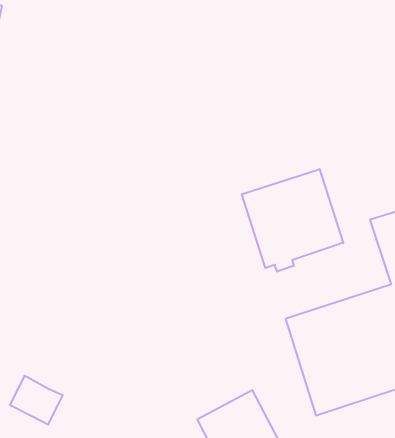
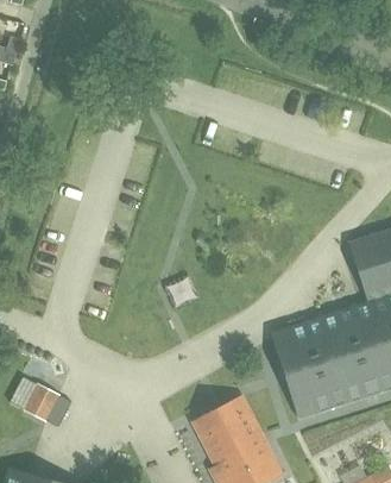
building: [242,169,343,272] -> none

